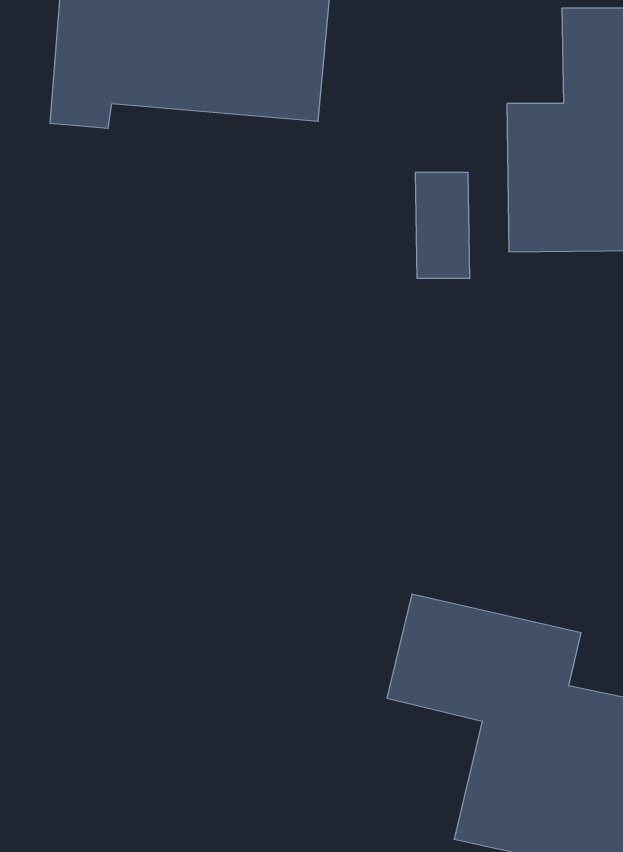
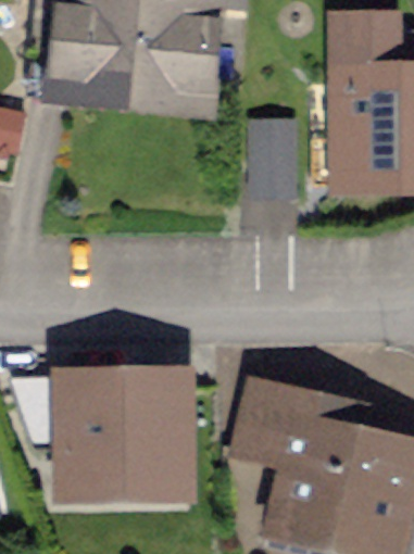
building: none -> [28,380,189,480]

